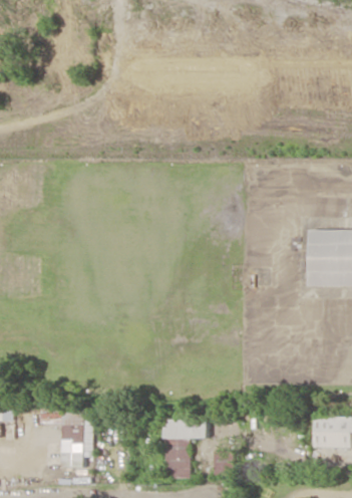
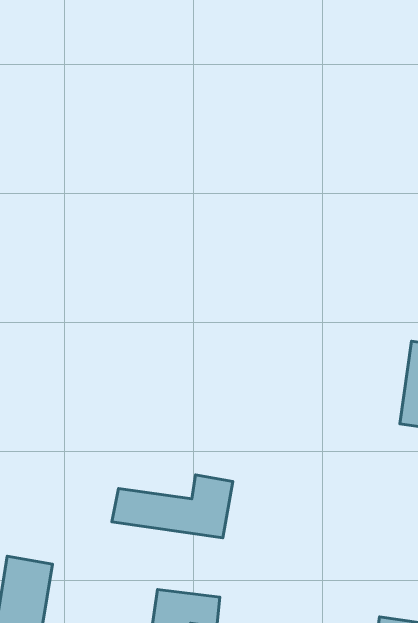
building: none -> [112,475,233,538]

